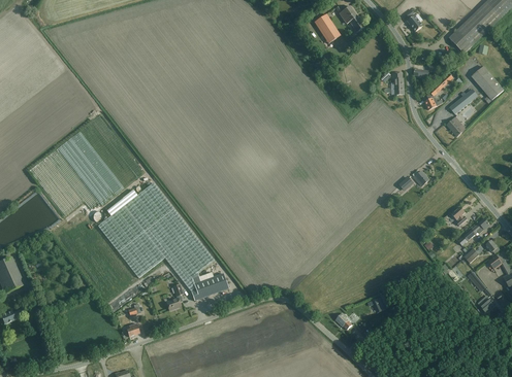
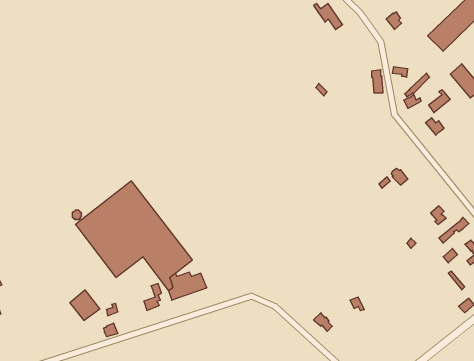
building: [314,13,341,43] -> none
building: none -> [70,290,100,321]

